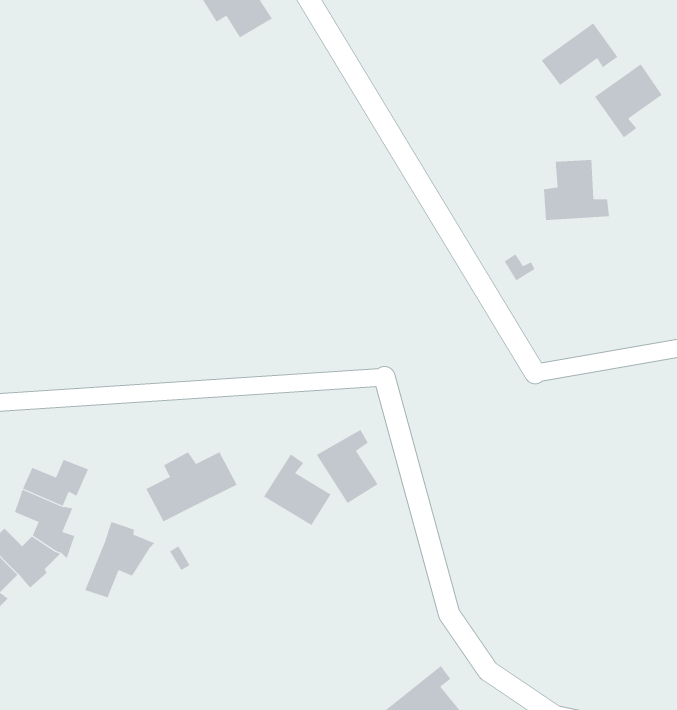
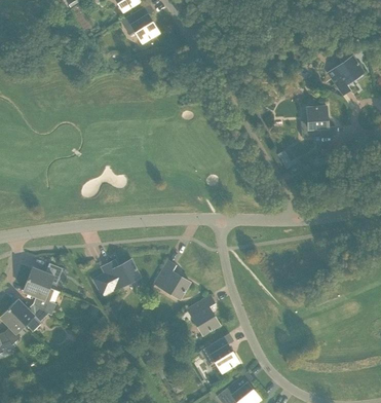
building: [541,22,618,86] -> none
building: [316,429,378,504] -> [187,295,220,334]
building: [85,521,155,598] -> none
building: none -> [200,333,239,372]

